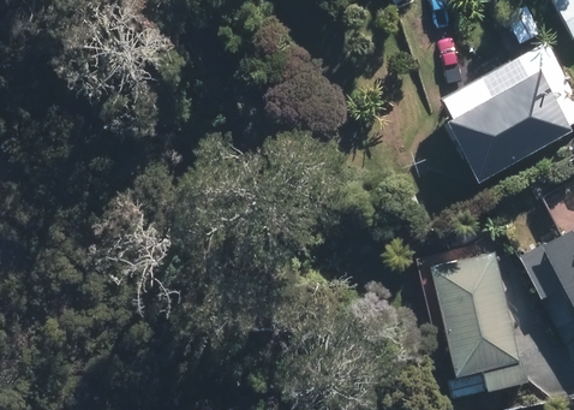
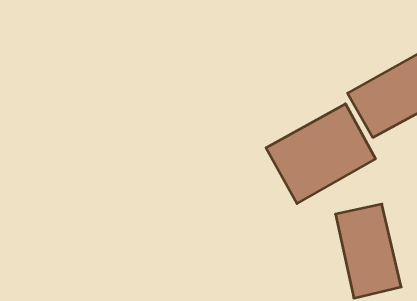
building: none -> [266,104,375,204]

